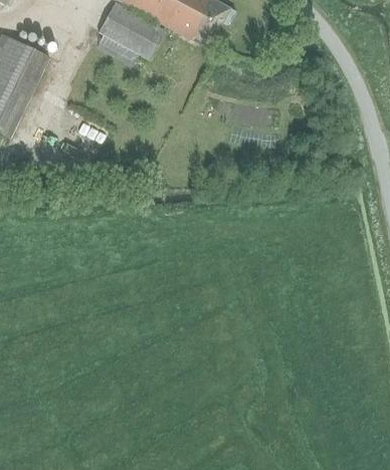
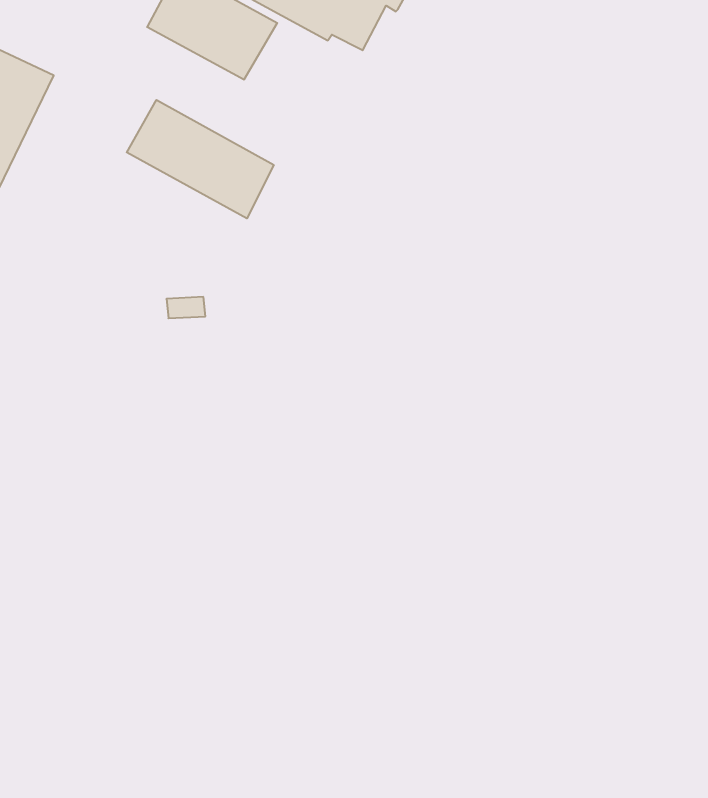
building: none -> [127,100,274,218]

